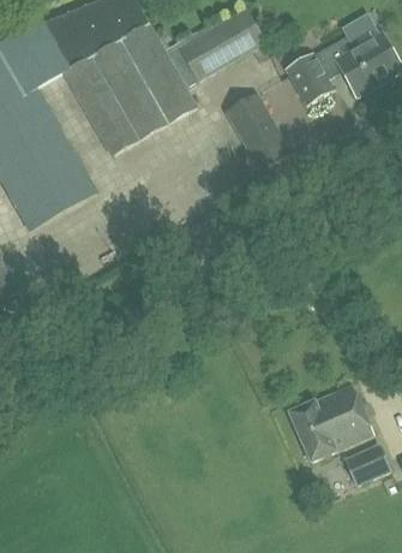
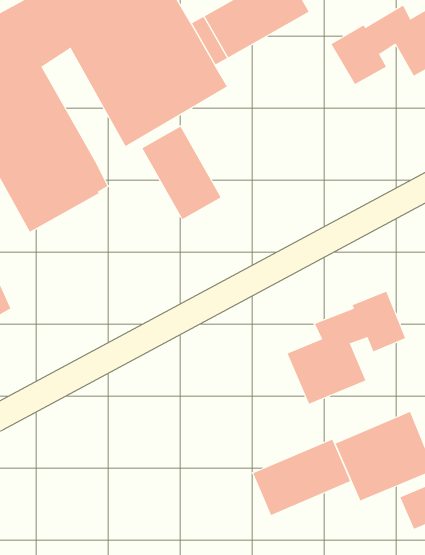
building: [223,91,292,172] -> [141,126,222,220]
building: none -> [287,291,406,405]
building: none -> [253,439,351,516]

